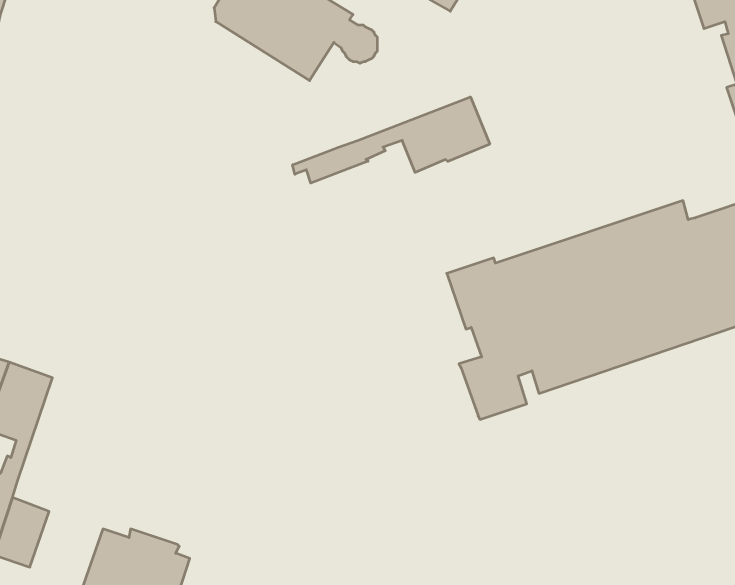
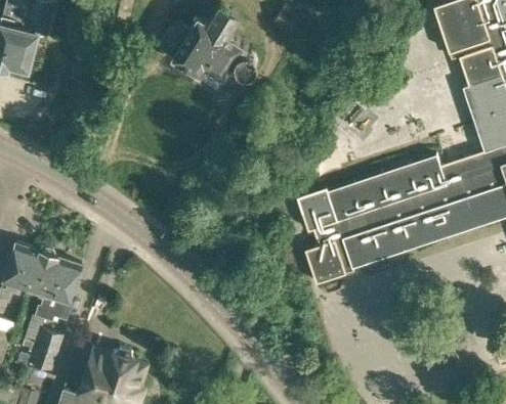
building: [293,97,490,183] -> none
building: none -> [45,260,83,323]

